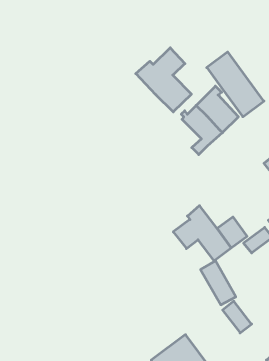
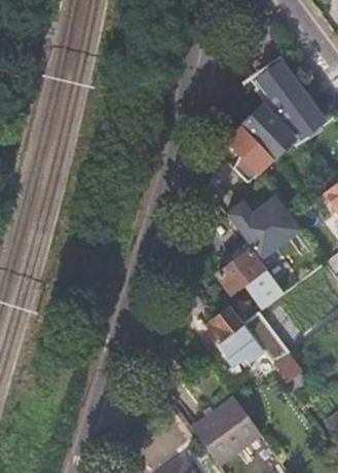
building: [136,48,191,112] -> none
building: none -> [229,191,305,258]
building: none -> [206,310,253,359]

